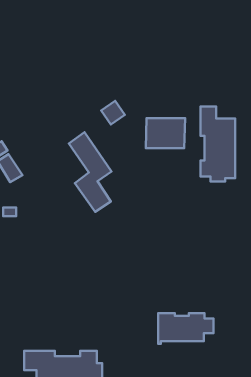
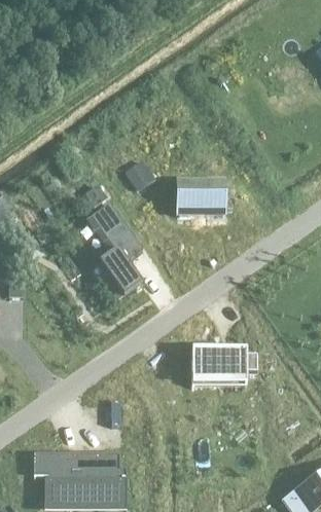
building: [200,107,235,181] -> none
building: [158,313,213,344] -> [191,346,256,382]

